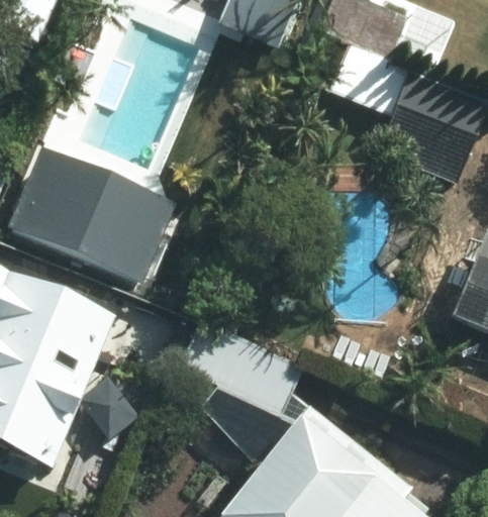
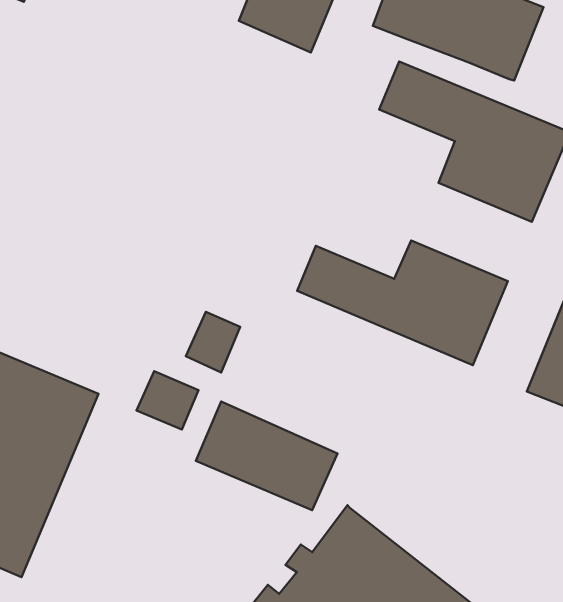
building: [36,159,155,271] -> none
building: none -> [297,241,508,365]

